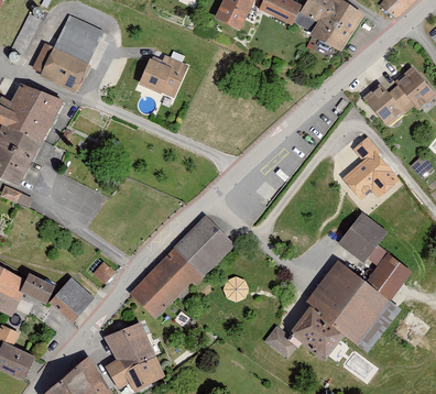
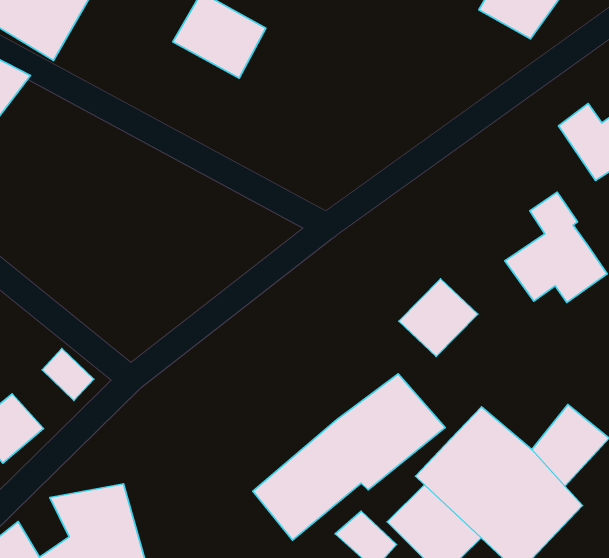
building: [340,214,384,258] -> [399,279,478,357]
building: [129,218,233,318] -> [253,374,445,540]

